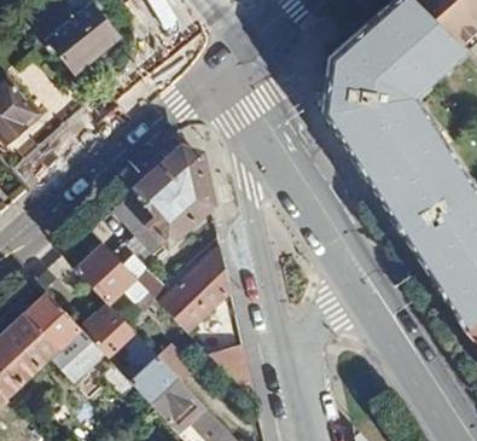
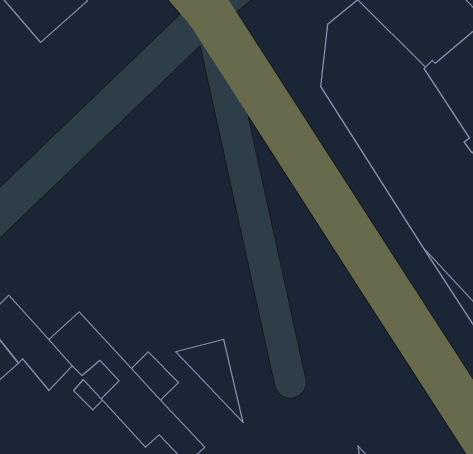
building: [115,150,209,254] -> none
building: [78,245,156,306] -> none
building: [159,248,229,332] -> none

